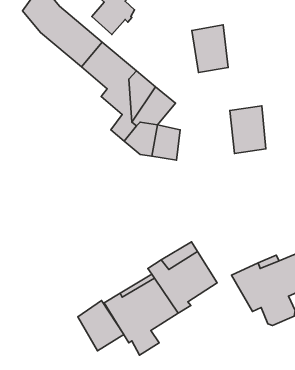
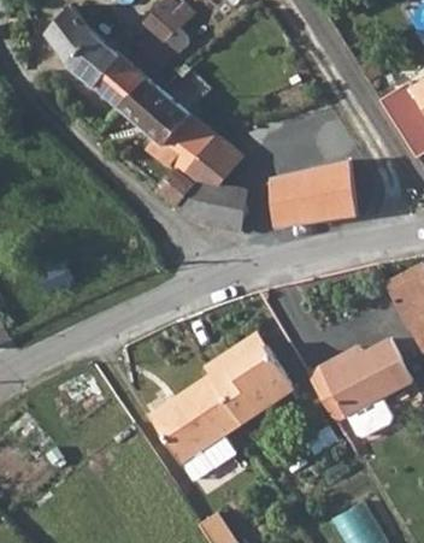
building: [192,25,228,72] -> [266,165,312,225]
building: [78,300,124,351] -> none

